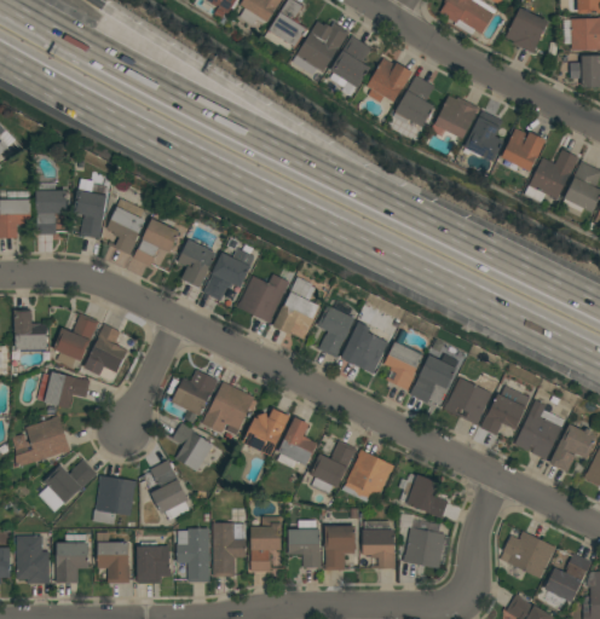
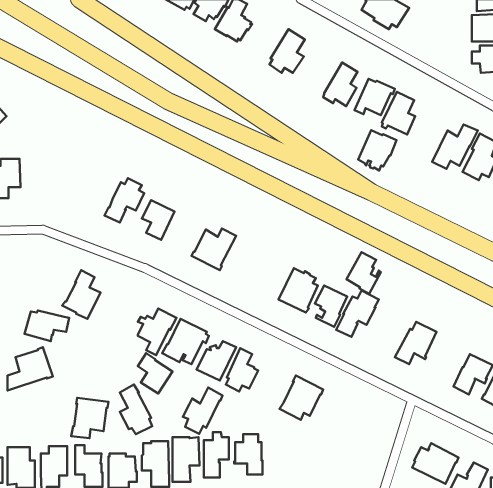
building: [506,8,548,54] -> none
building: [292,22,348,75] -> none
building: [365,58,412,103] -> none
building: [498,128,544,177] -> [358,130,396,171]
building: [73,179,106,239] -> none
building: [35,190,67,235] -> none
building: [106,198,145,255] -> none
building: [202,248,255,301] -> none
building: [272,277,318,335] -> none
building: [316,301,354,358] -> none
building: none -> [347,252,381,294]
building: [13,311,47,352] -> none
building: [53,313,98,368] -> none
building: [443,377,491,426] -> none
building: [514,400,564,461] -> none
building: [308,440,356,496] -> [183,387,222,434]
building: [38,459,97,513] -> none
building: [403,474,448,519] -> none
building: [403,520,444,569] -> none
building: [362,521,394,568] -> none
building: [323,526,354,571] -> none

